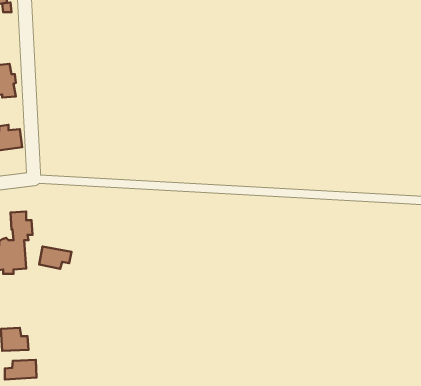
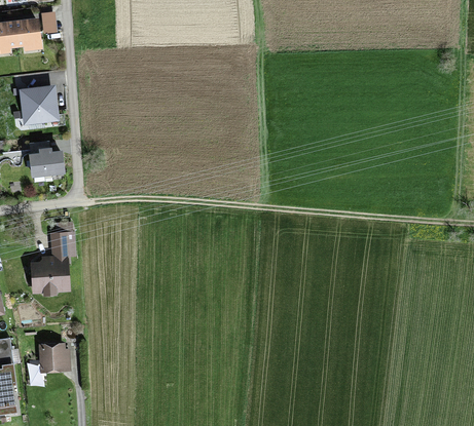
building: [39,247,72,269] -> none
building: [5,360,37,379] -> none

